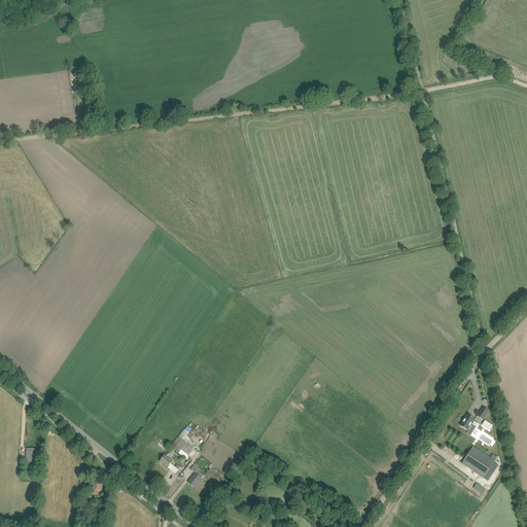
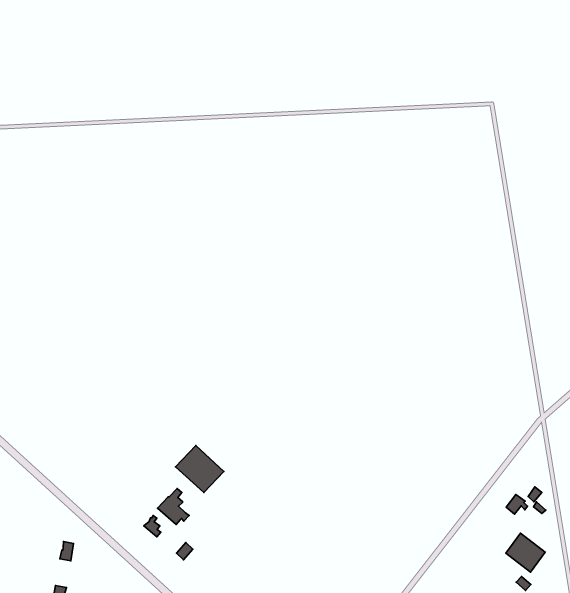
building: none -> [176,445,224,493]

